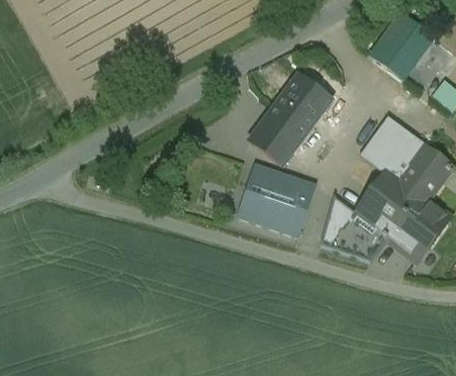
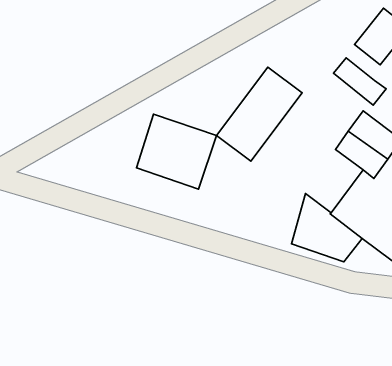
building: none -> [334,58,386,105]
building: [239,164,314,234] -> [136,114,217,189]

